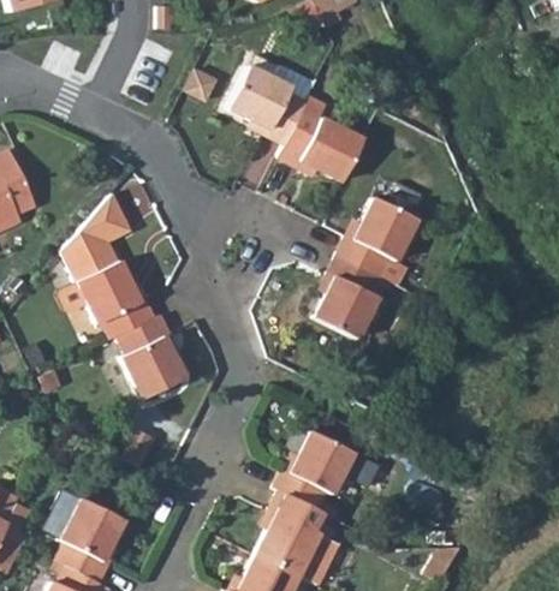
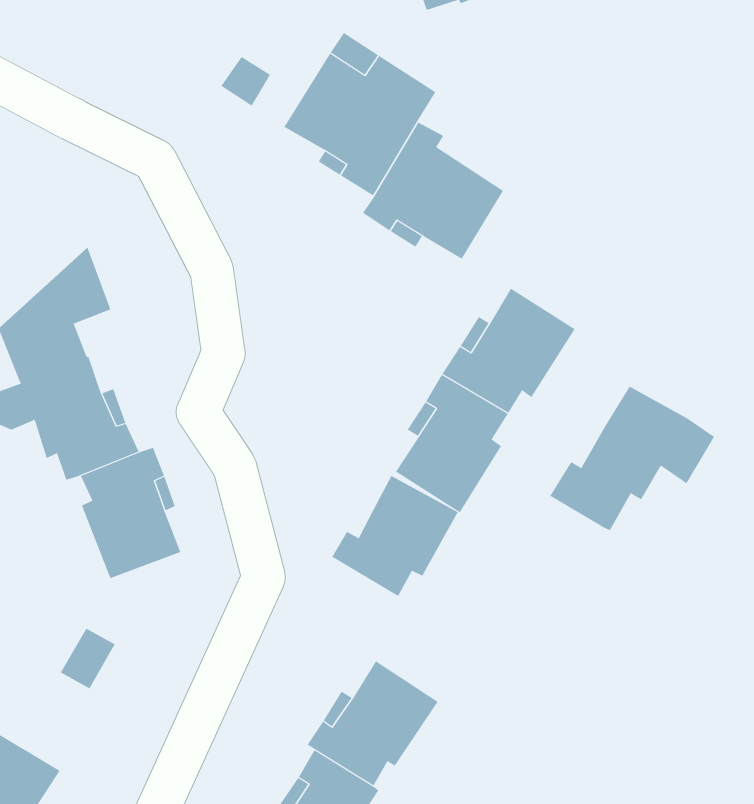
building: none -> [549,386,715,531]
building: none -> [331,475,458,597]

